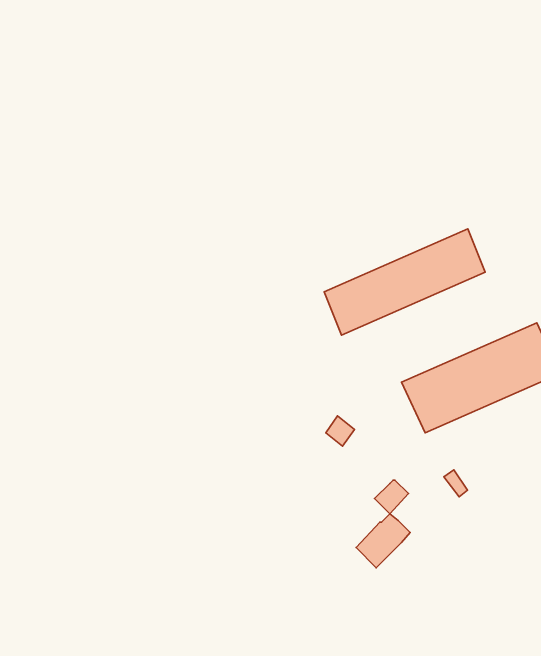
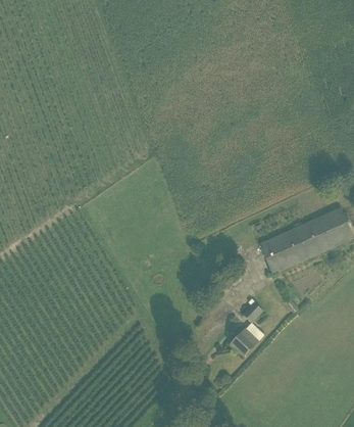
building: [324,229,485,335] -> none

